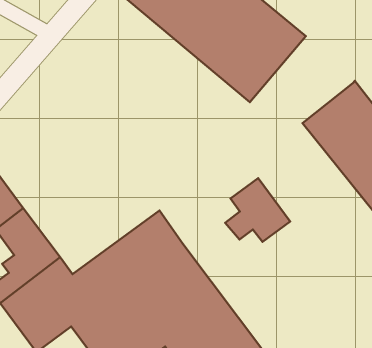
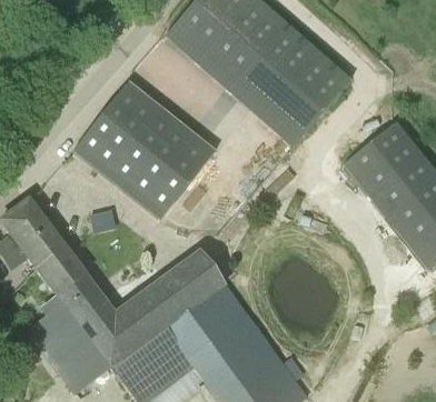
building: none -> [73,78,215,214]
building: [225,178,290,242] -> none

